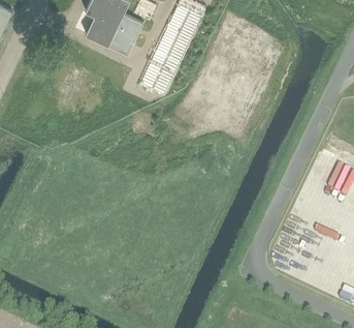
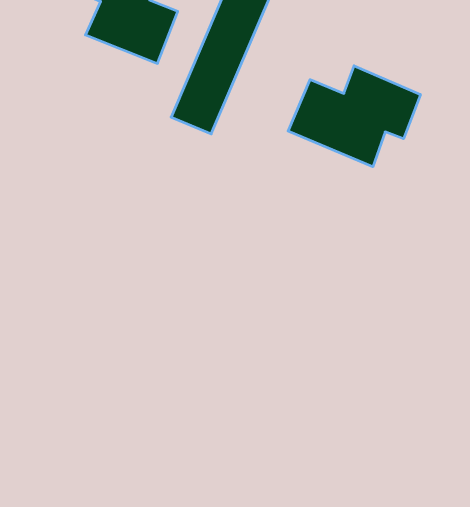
building: none -> [288,66,420,167]

